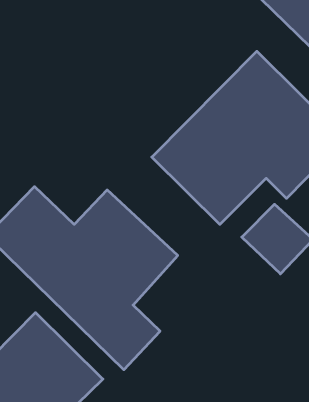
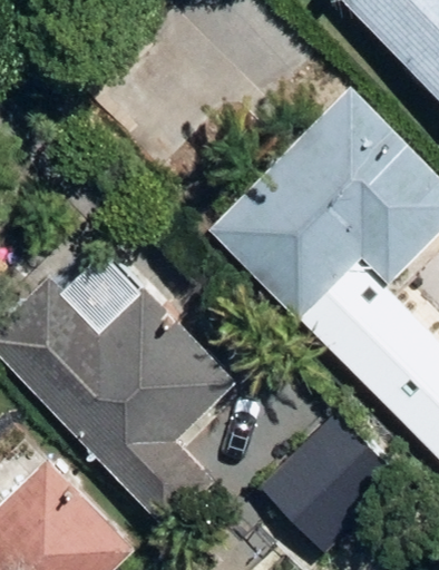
building: none -> [262,401,404,544]

